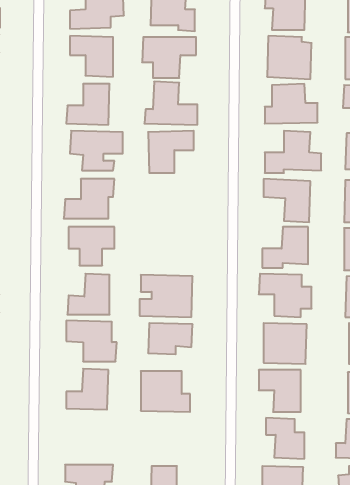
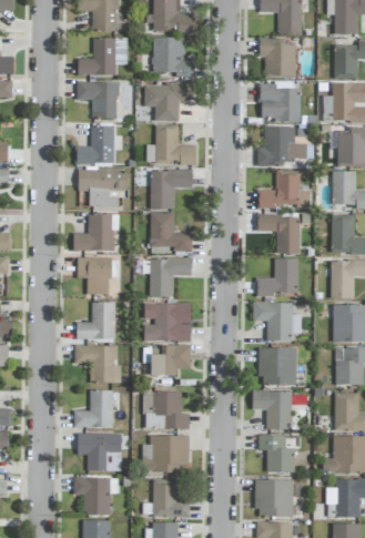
building: none -> [150,213,192,253]
building: none -> [149,257,191,296]
building: none -> [78,433,121,471]
building: none -> [143,436,187,473]

